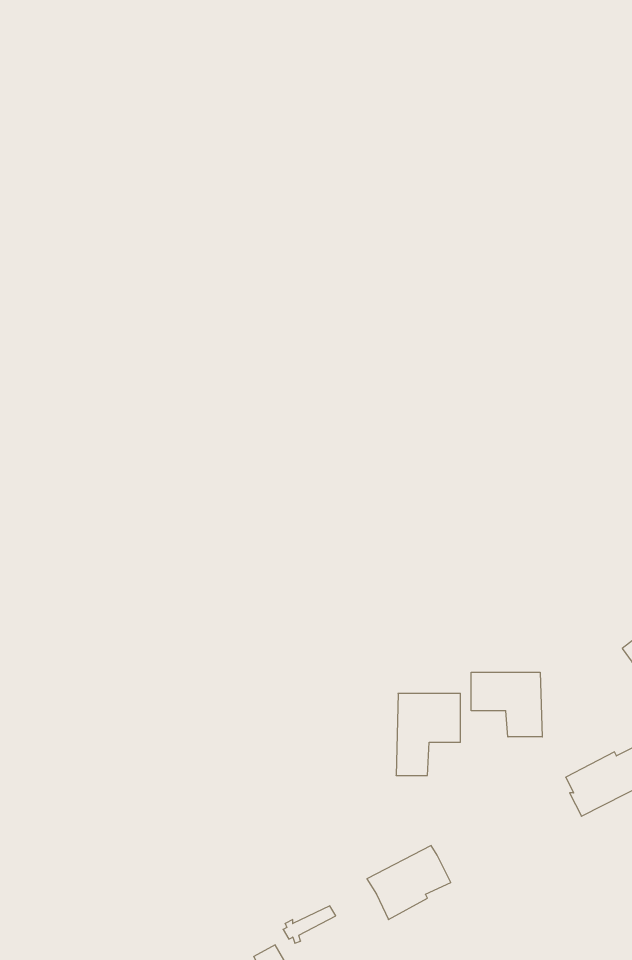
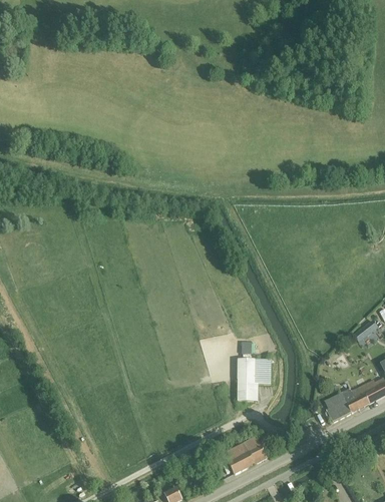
building: [471,672,542,737] -> none

